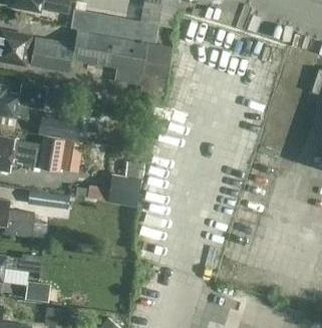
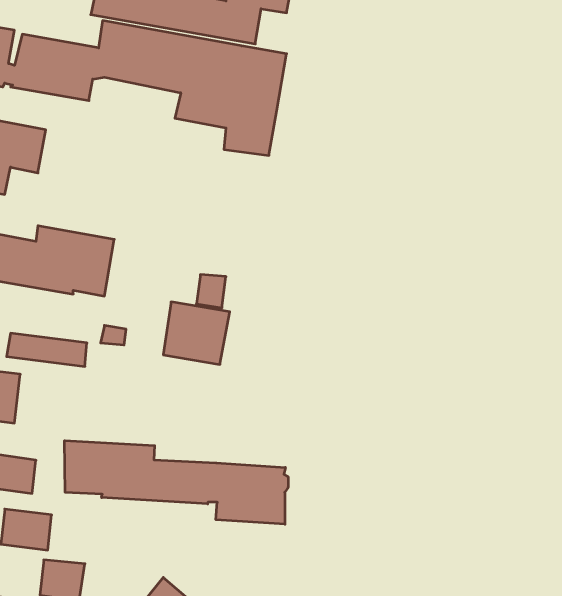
building: [39,116,80,139] -> none
building: none -> [65,441,288,524]

